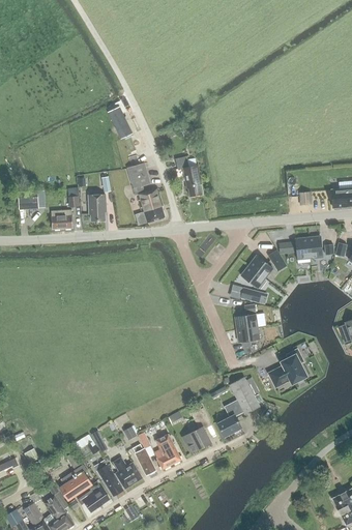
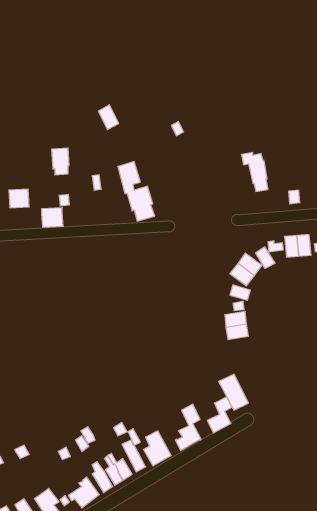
building: [175,157,202,197] -> [241,152,268,191]
building: [88,195,106,222] -> [52,148,69,175]
building: [267,349,306,388] -> none
building: [59,466,92,501] -> none

